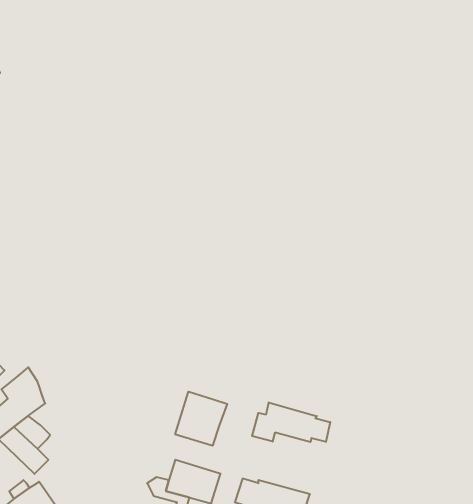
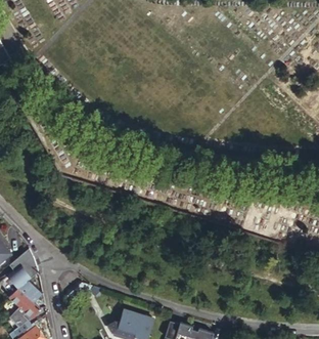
building: [175,392,227,446] -> none
building: [252,402,330,442] -> none

